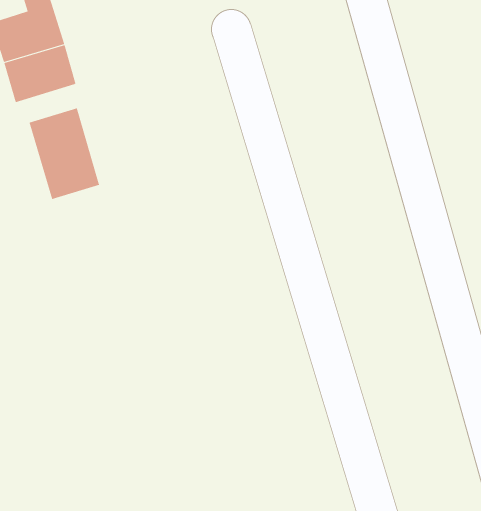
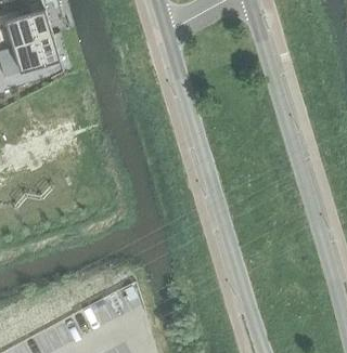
building: [29,108,100,200] -> none

